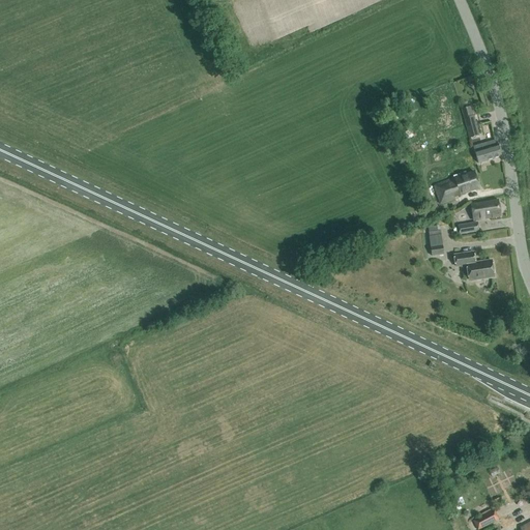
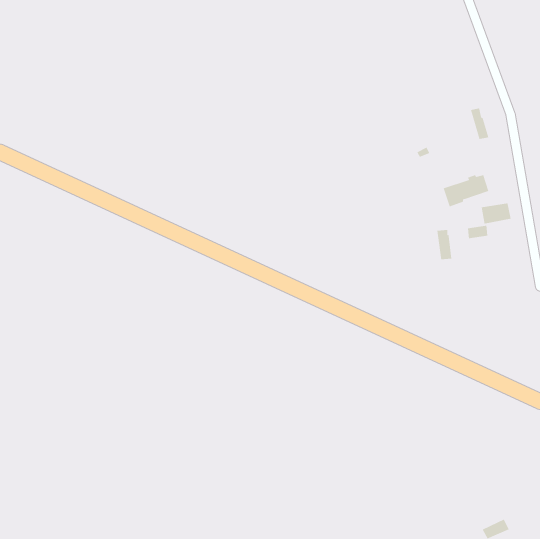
building: [474,139,501,161] -> none
building: [454,253,494,279] -> none

